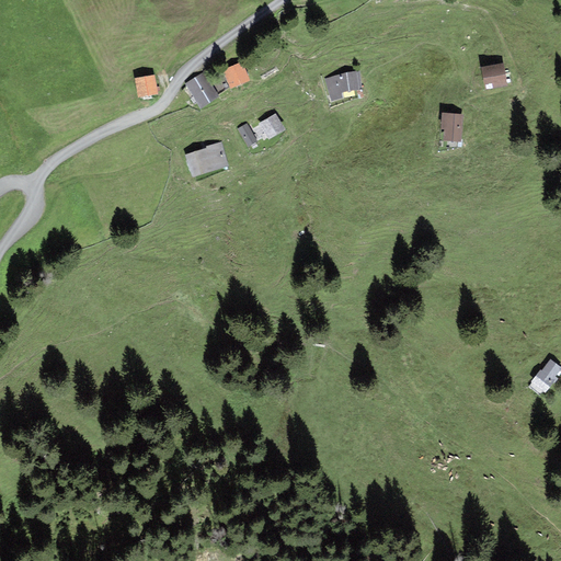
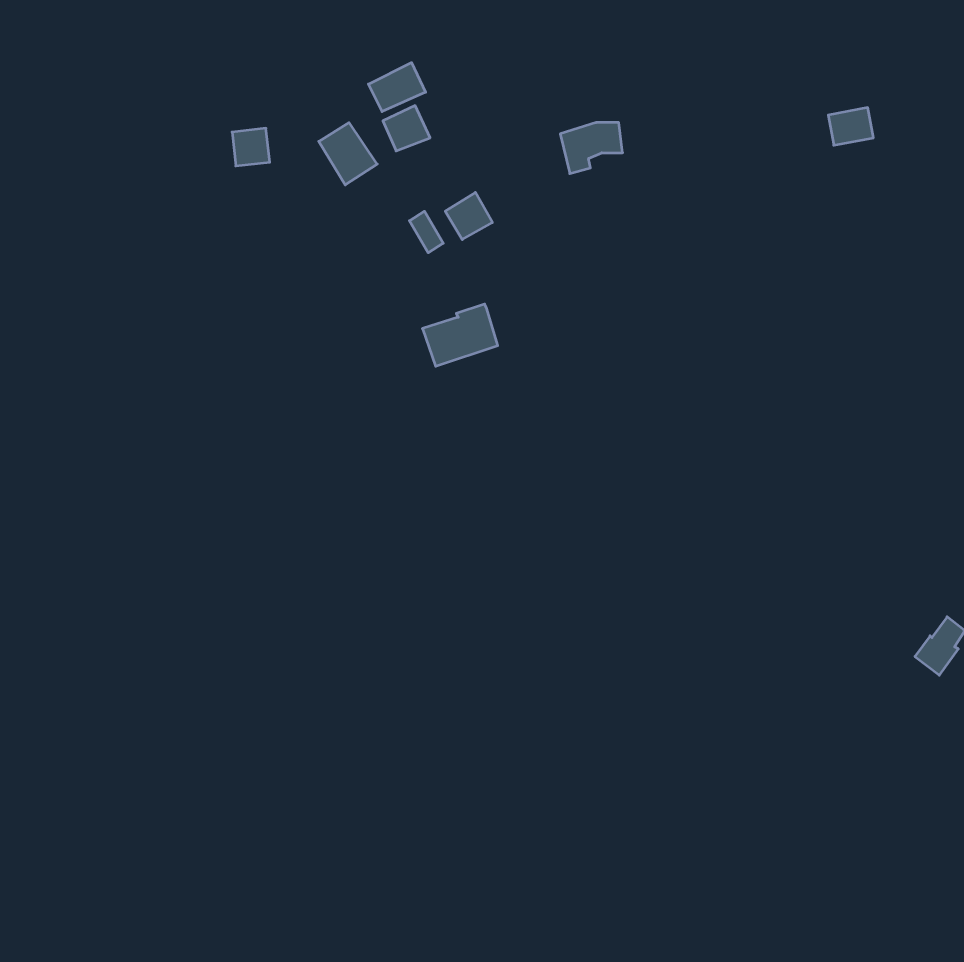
building: none -> [368,63,426,112]
building: [442,112,463,141] -> none
building: [185,140,229,176] -> [422,304,498,366]

